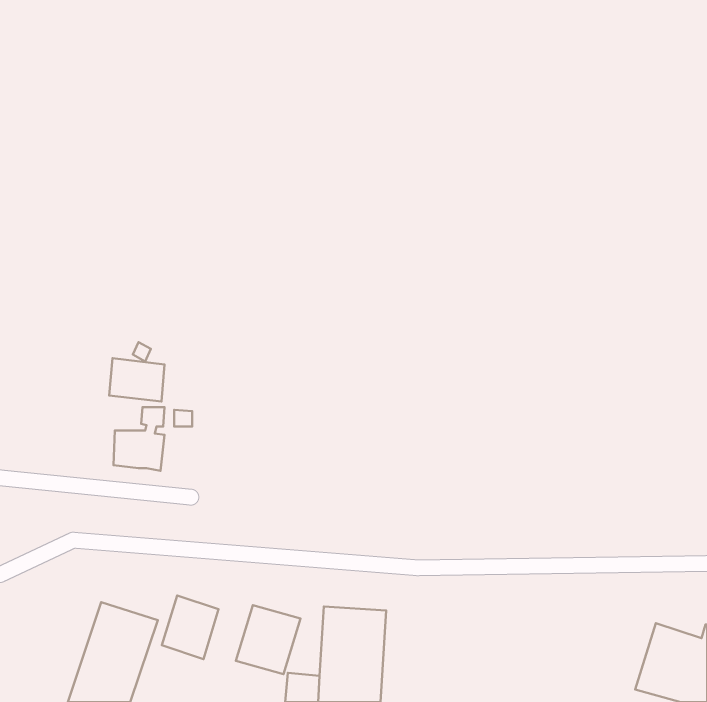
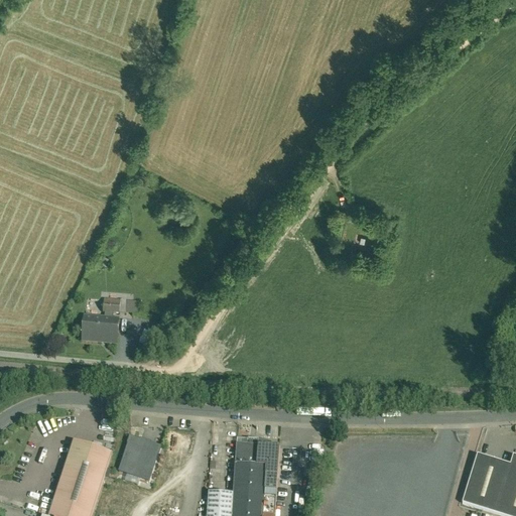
building: [109,358,165,401] -> none
building: [236,605,301,674] -> none

